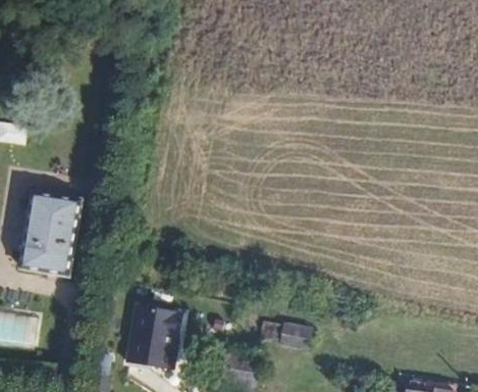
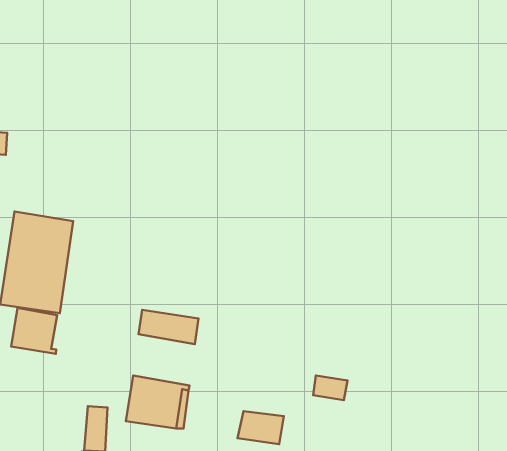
building: none -> [11,308,57,354]
building: [132,305,182,334] -> [139,310,199,344]

